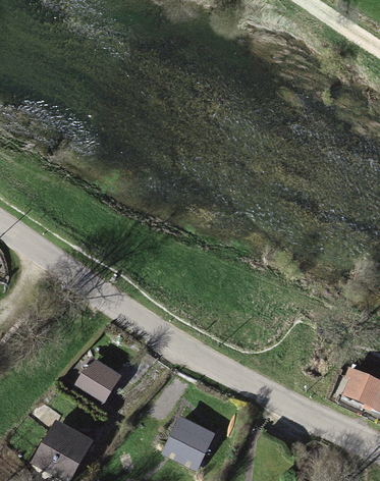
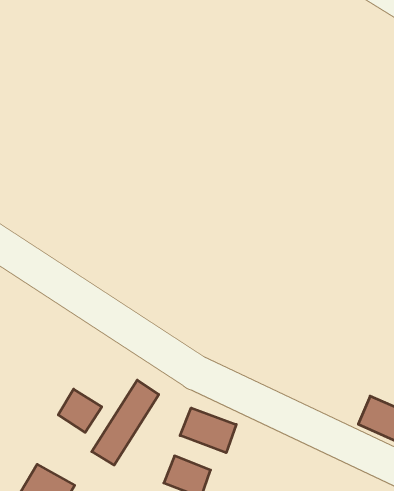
building: none -> [92,380,159,465]
building: none -> [180,408,236,453]

